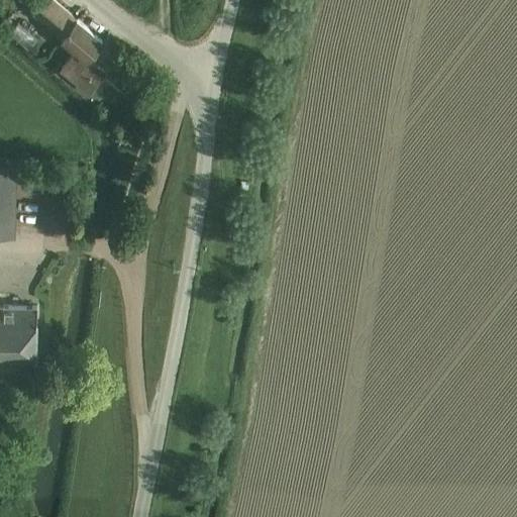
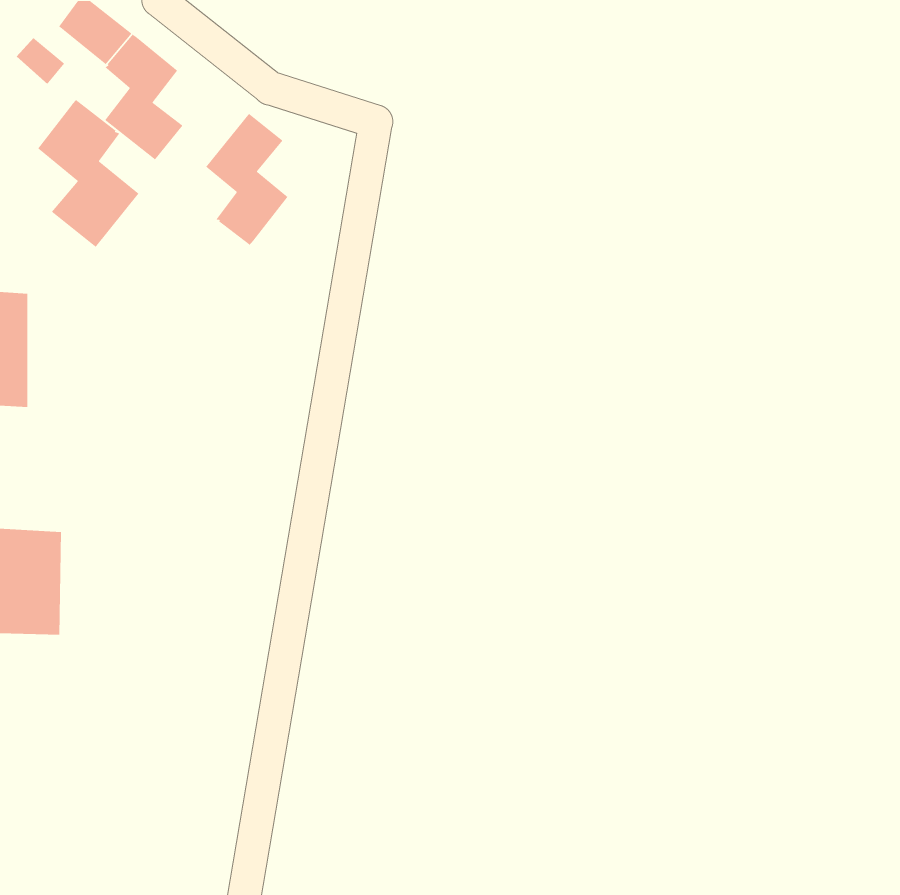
building: none -> [37,99,140,248]
building: none -> [205,113,289,246]

